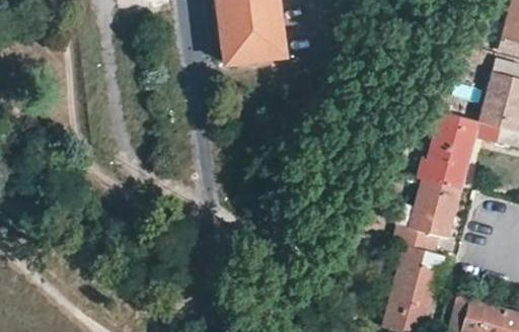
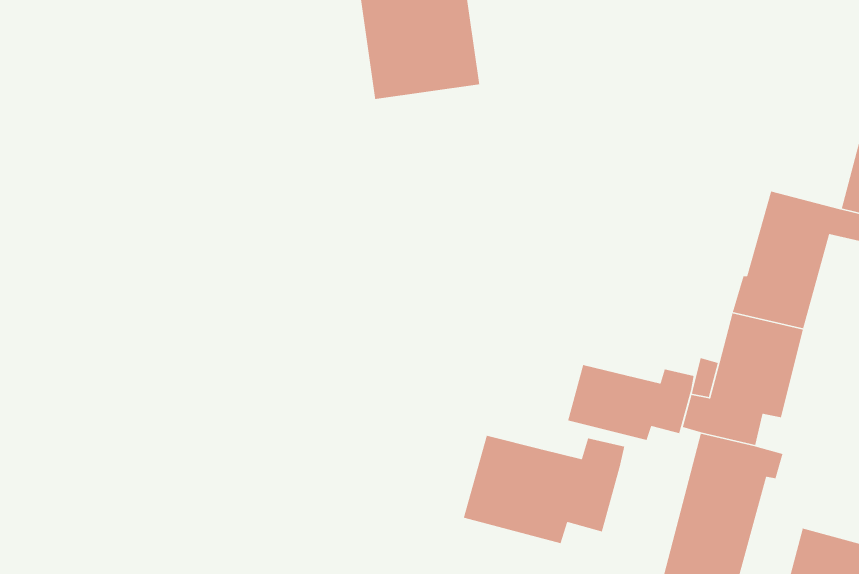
building: none -> [567,364,695,441]
building: none -> [463,435,625,544]

